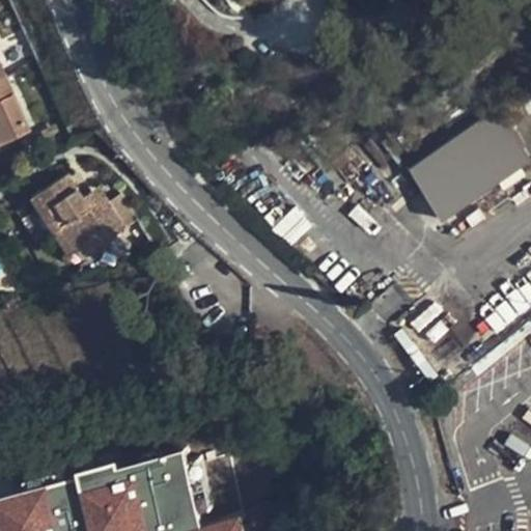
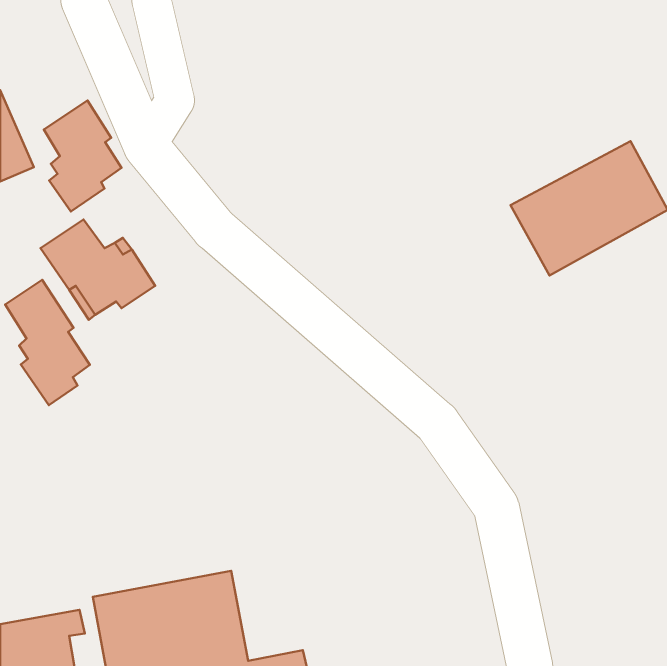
building: none -> [44,101,122,211]
building: none -> [5,280,90,405]

